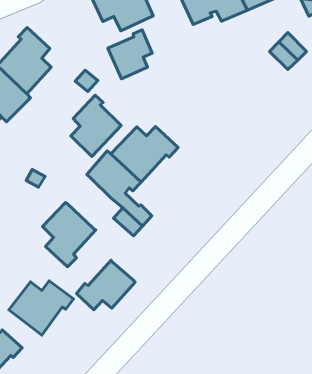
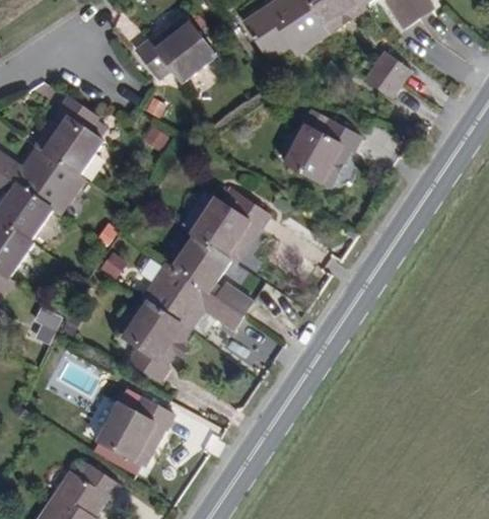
building: [108,30,152,79] -> none
building: none -> [285,121,362,187]
building: [71,95,121,156] -> none
building: none -> [148,266,202,325]
building: [76,260,135,310] -> none

